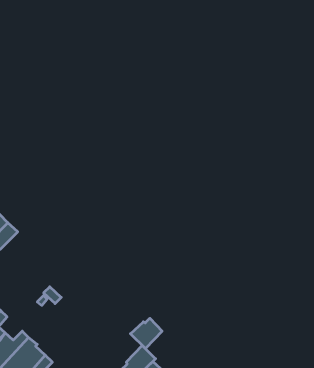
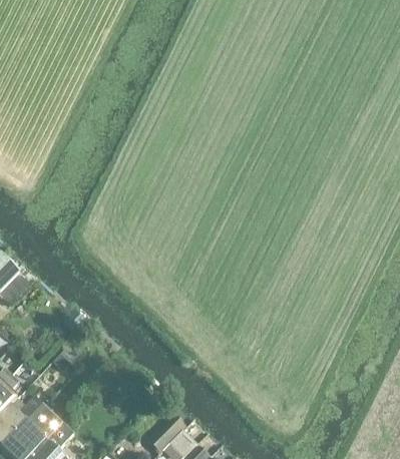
building: [130,318,162,349] -> none

